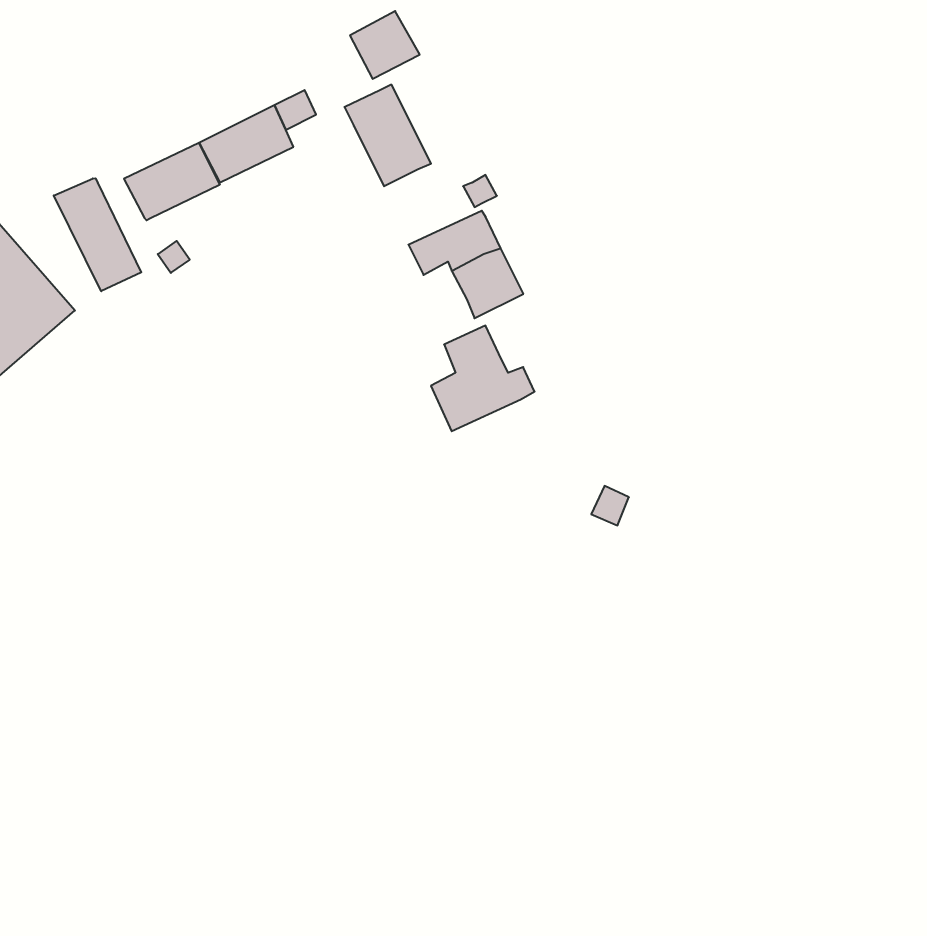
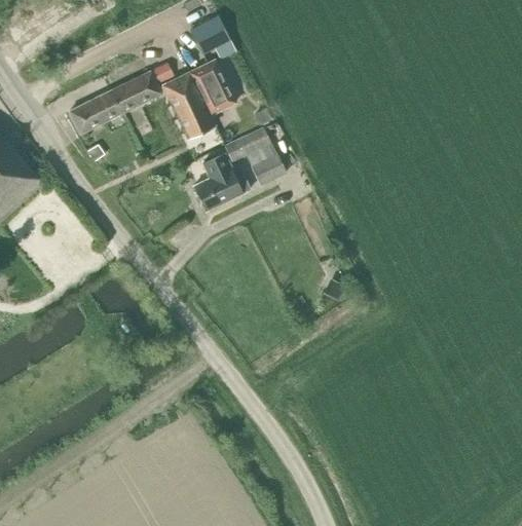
building: none -> [162,71,216,138]
building: [54,178,141,291] -> none
building: [431,326,535,431] -> [194,152,251,210]

